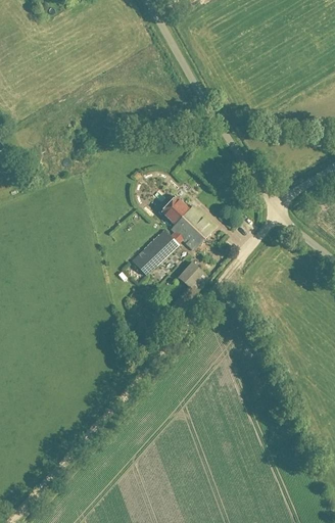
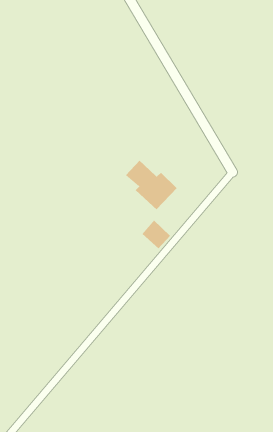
building: [132,229,179,275] -> none

